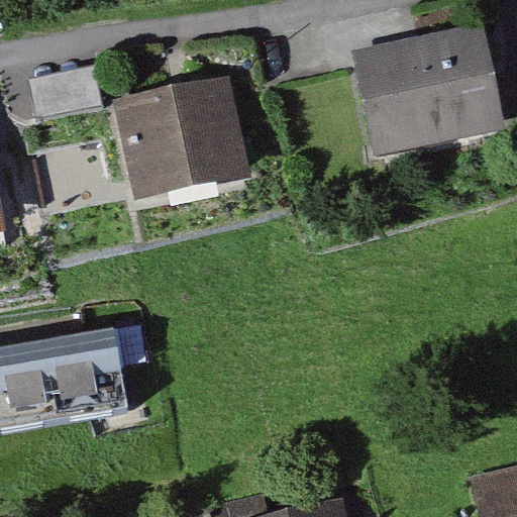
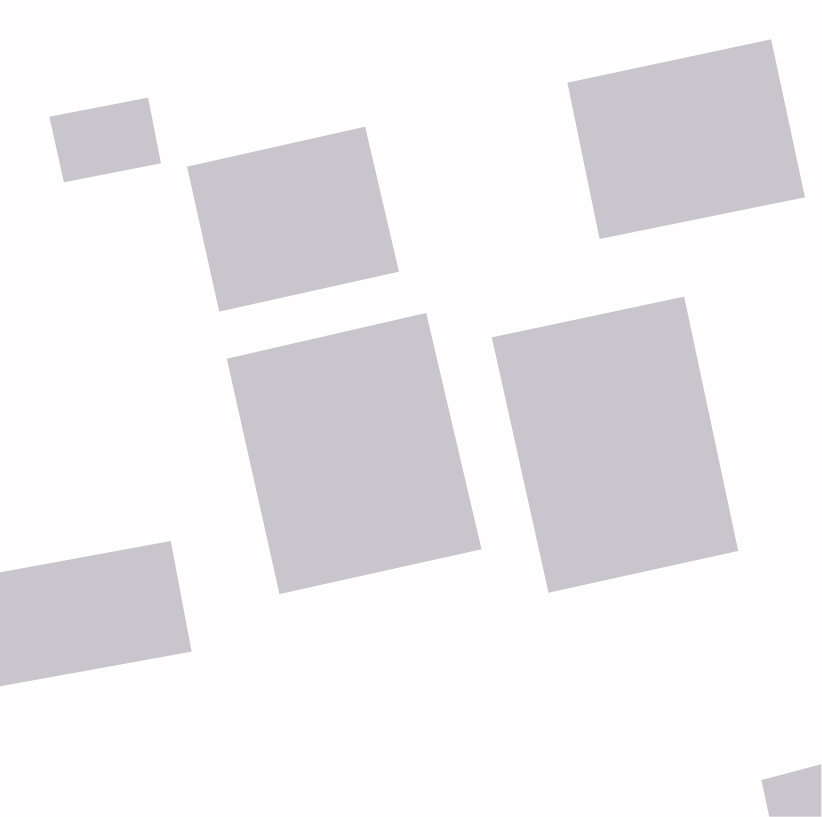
building: none -> [491,296,739,593]
building: none -> [226,312,482,595]

